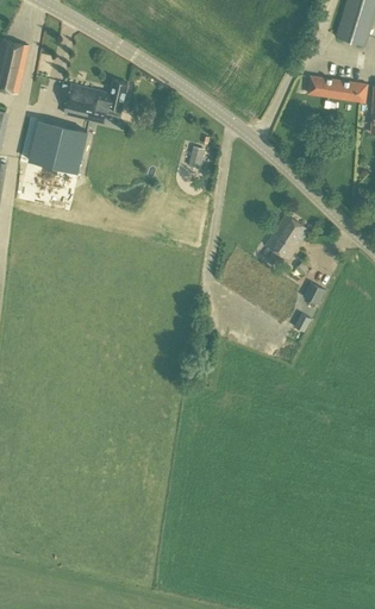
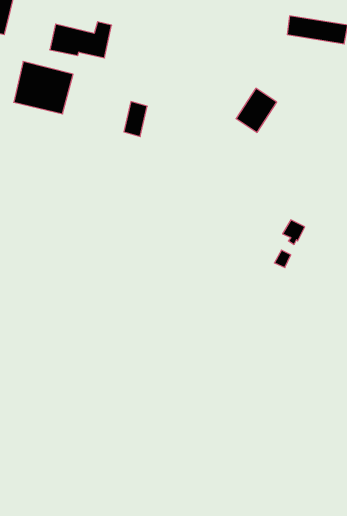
building: [182,144,206,180] -> [124,102,147,137]
building: [267,214,308,259] -> [236,88,277,132]

